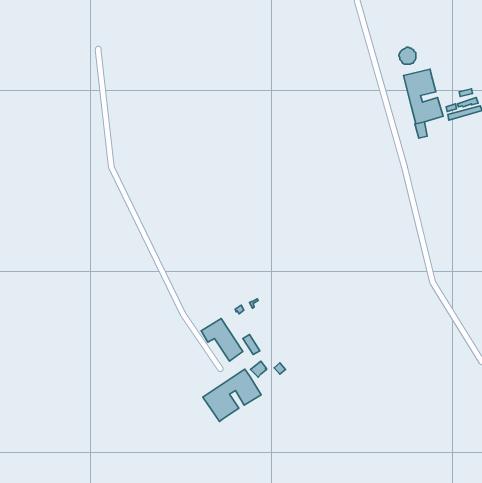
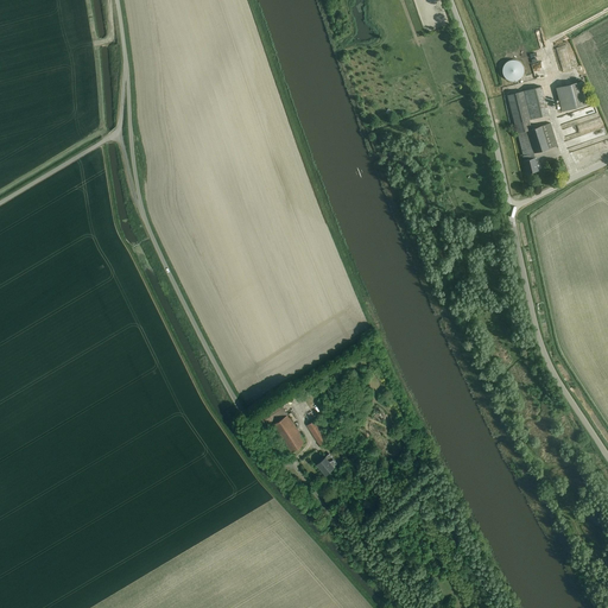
building: none -> [556,82,585,112]
building: [203,369,261,421] -> none

